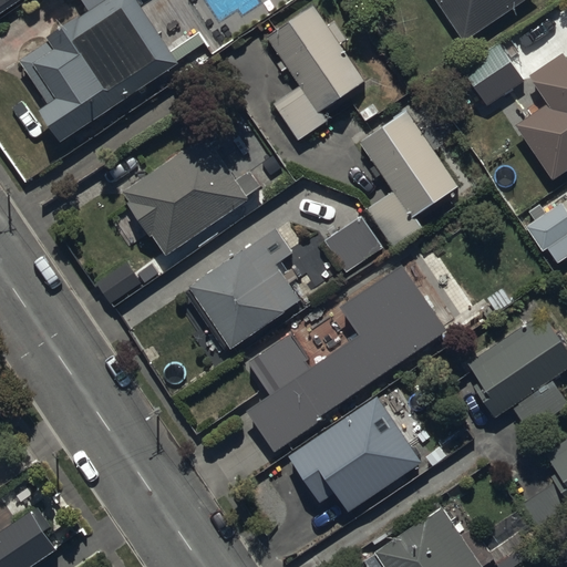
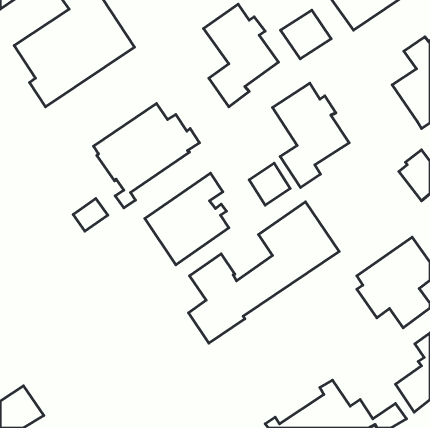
building: [458,44,525,109] -> [281,10,331,59]
building: [289,398,421,513] -> none

